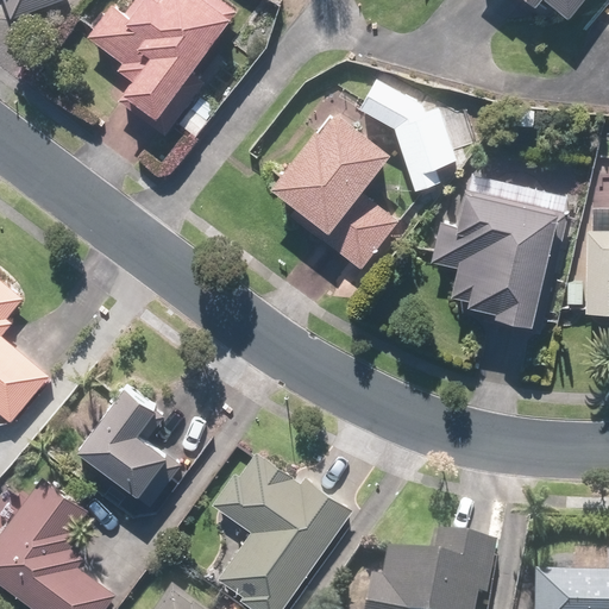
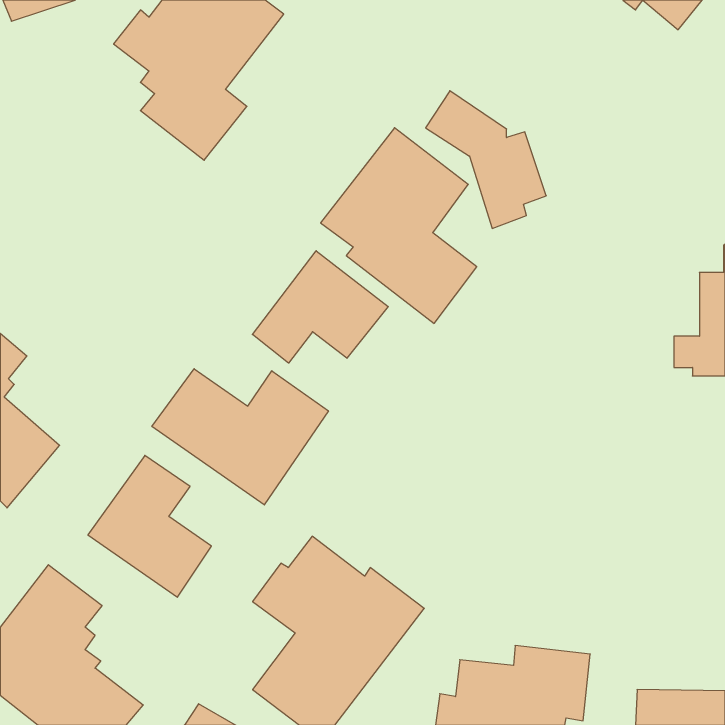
building: [431,193,555,327] -> none
building: none -> [252,251,388,363]
building: none -> [152,369,328,505]

